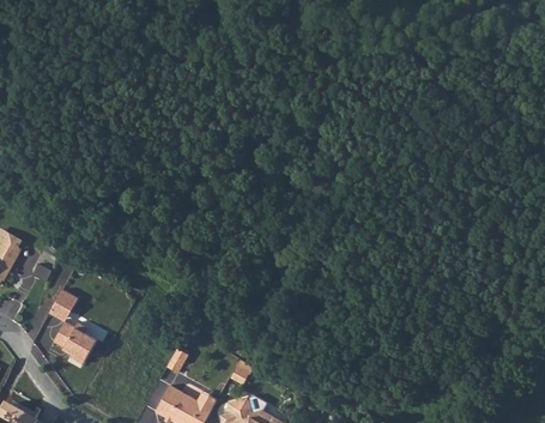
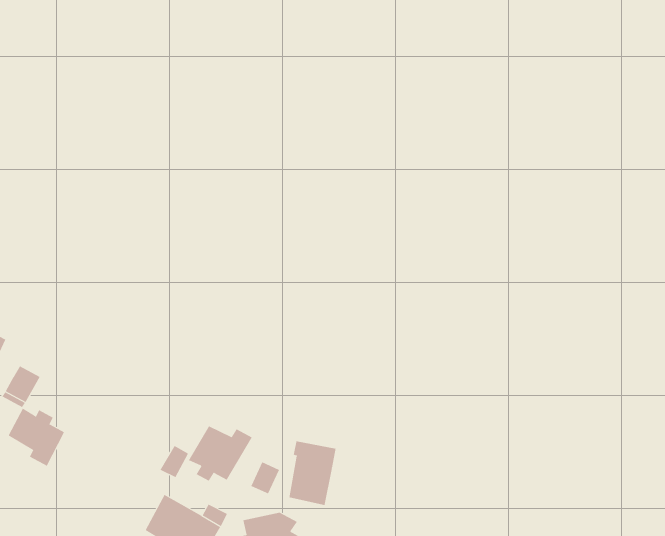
building: none -> [188,425,252,482]
building: none -> [289,441,336,506]

